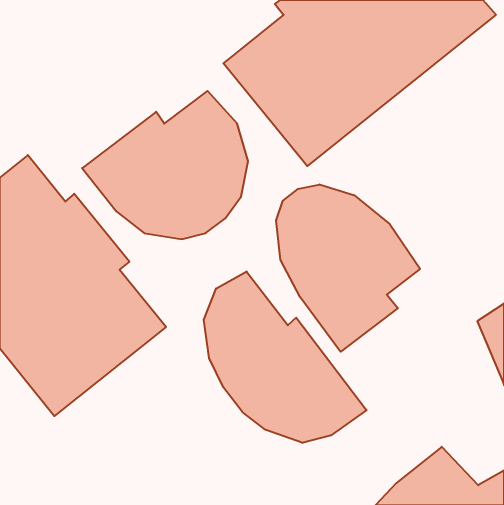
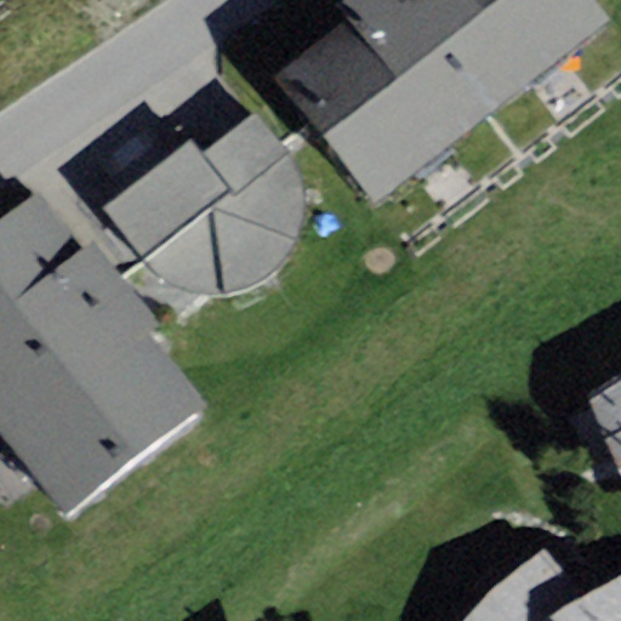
building: [276,184,420,352] -> none
building: [204,271,367,443] -> none

